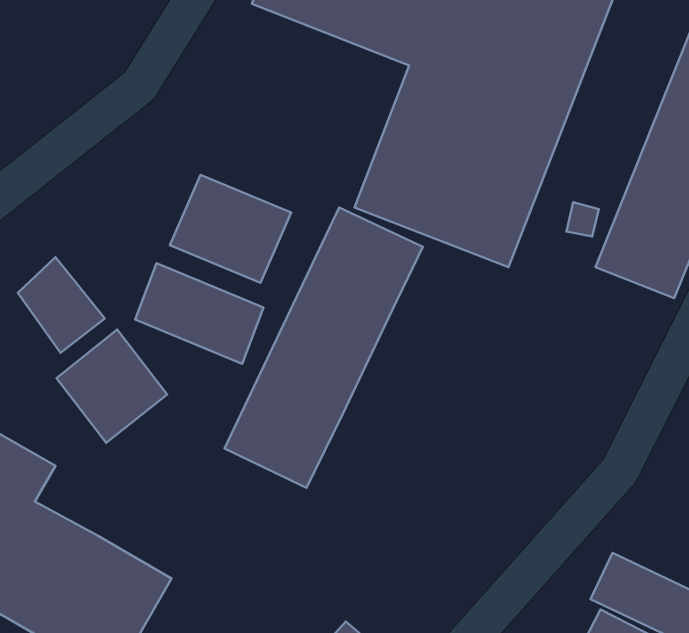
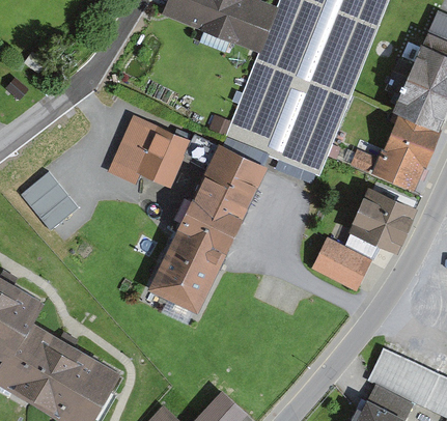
building: [135,263,264,364] -> none
building: none -> [306,192,416,298]
building: [56,330,167,443] -> none

